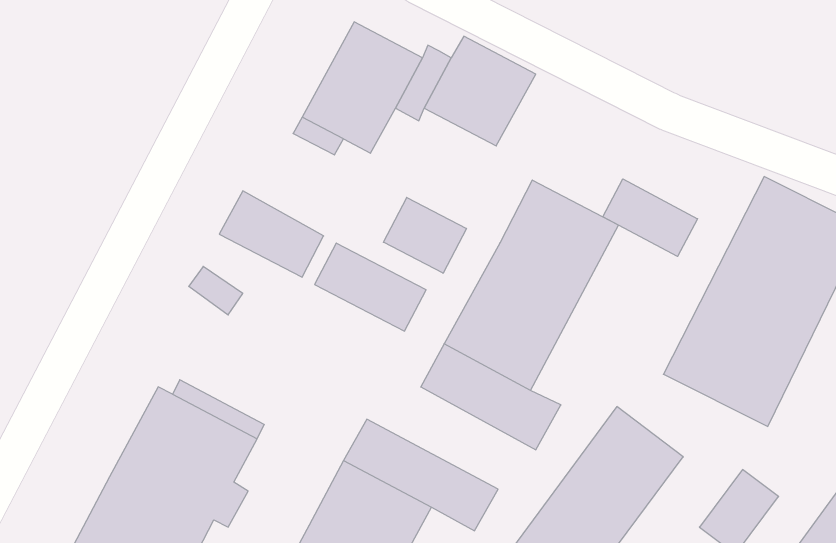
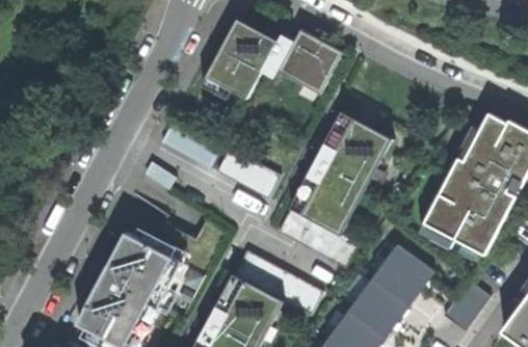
building: [603,179,698,256] -> none
building: [383,197,466,273] -> none

